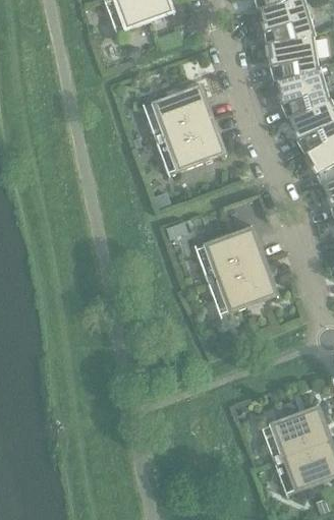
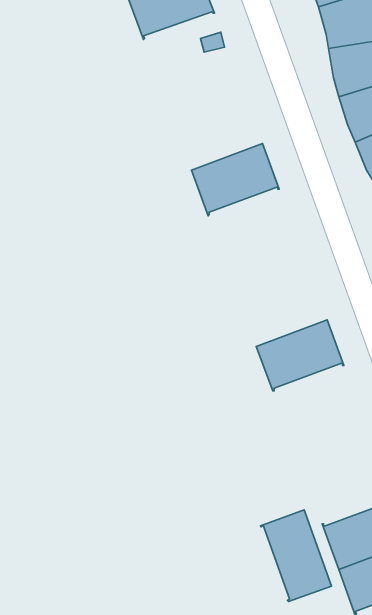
building: [142,82,212,139] -> none
building: [193,224,264,281] -> none
building: none -> [260,510,331,602]

